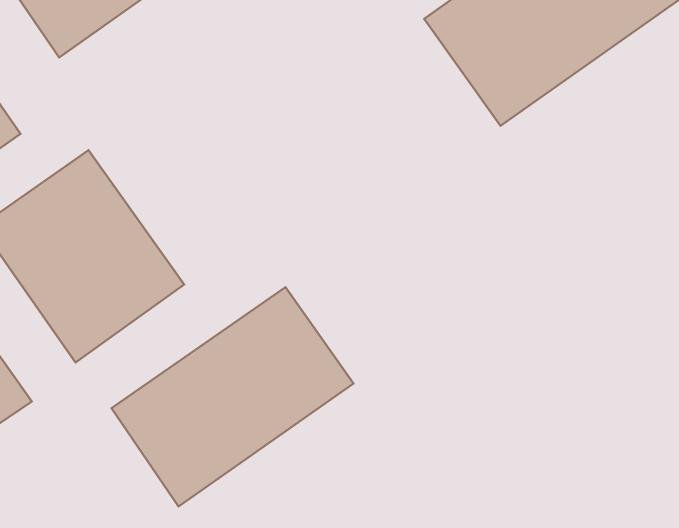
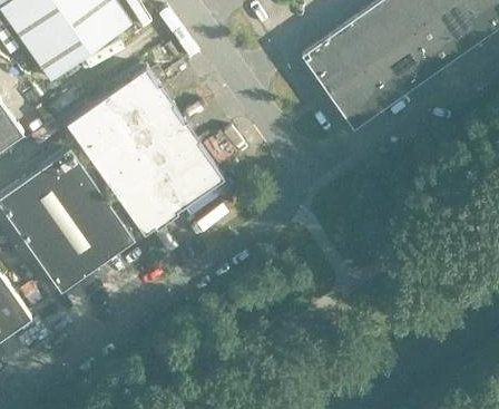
building: none -> [66,69,225,236]
building: [111,287,353,506] -> none

